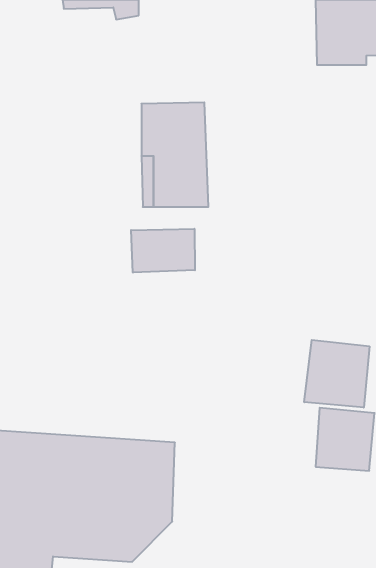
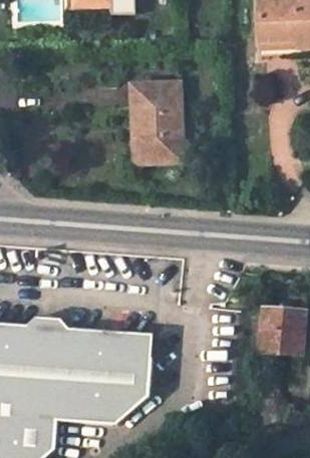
building: [131,229,195,273] -> none
building: [304,340,369,408] -> none

